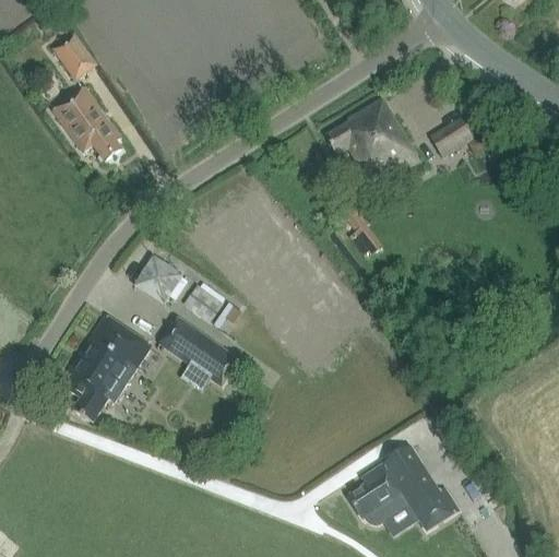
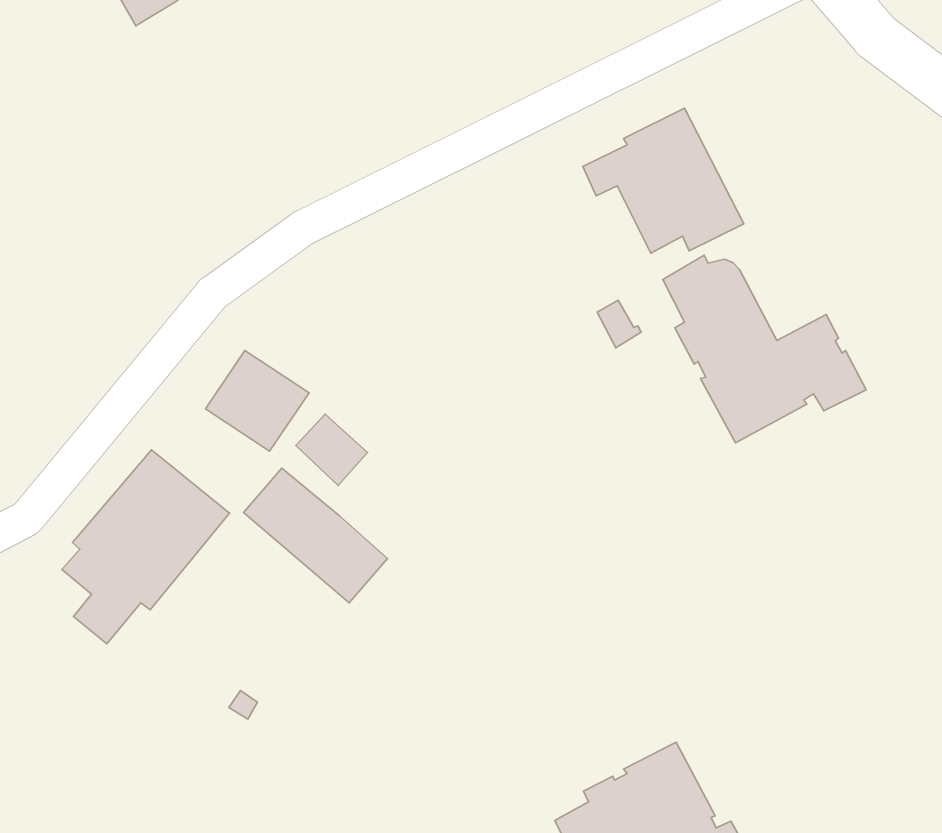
building: [51,87,121,162] -> none
building: [431,120,469,155] -> none
building: none -> [663,255,866,443]

